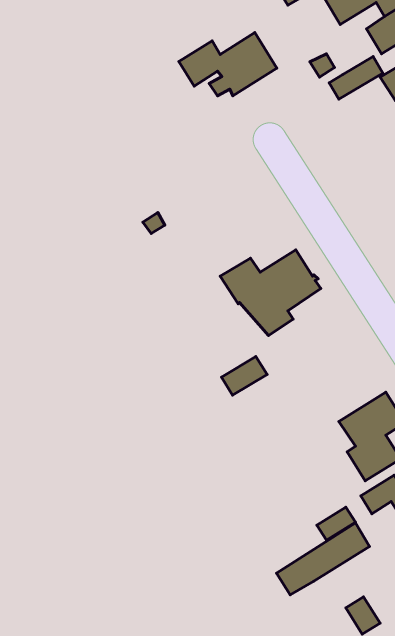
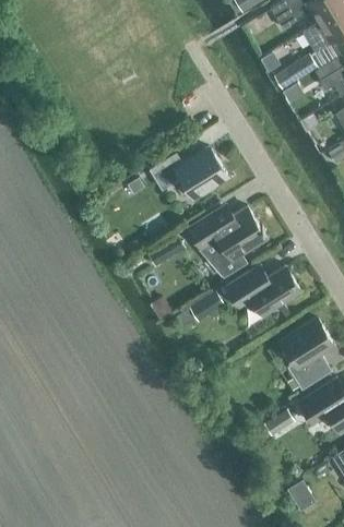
building: [179,32,277,96] -> [150,147,227,197]
building: none -> [226,267,300,314]
building: [276,523,369,595] -> none

